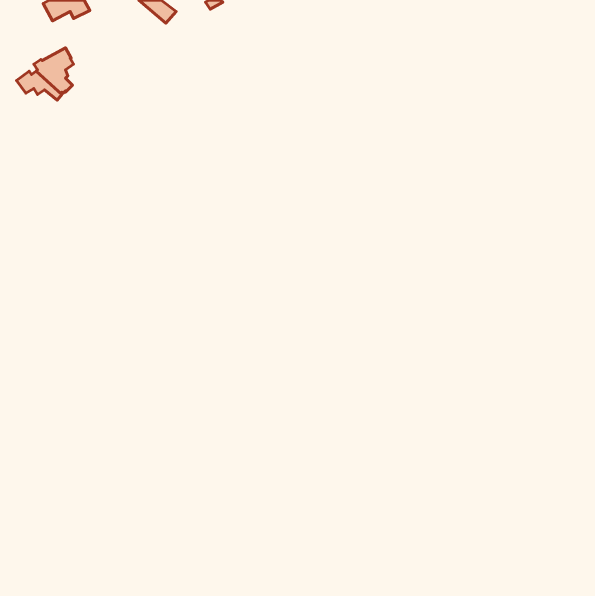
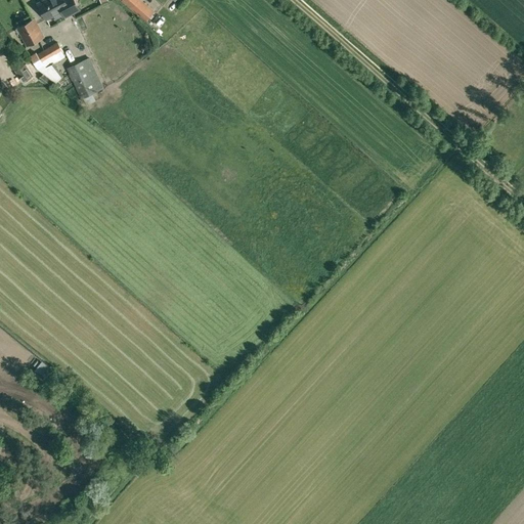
building: none -> [17,17,45,46]
building: none -> [68,58,102,98]

